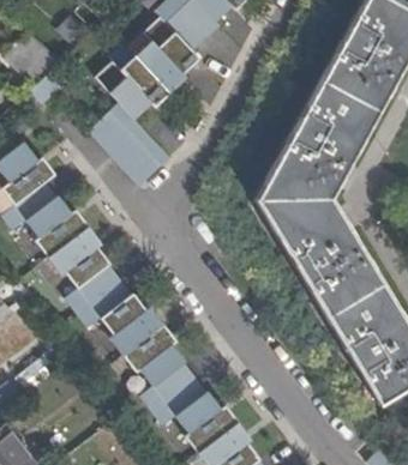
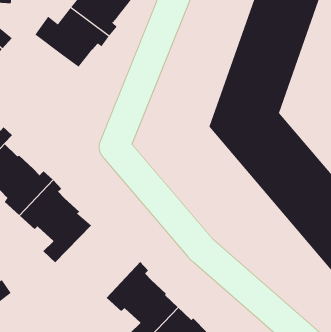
building: [90,103,172,186] -> none
building: [79,280,166,356] -> none

